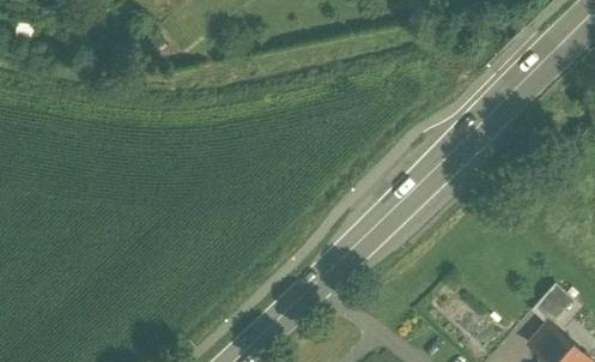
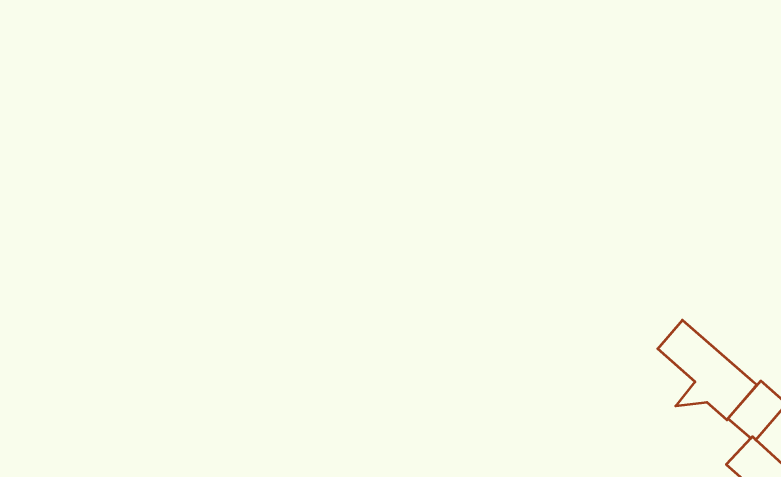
building: none -> [658,320,757,420]

